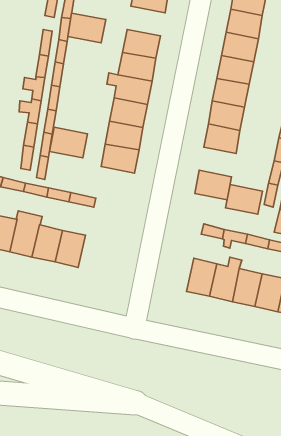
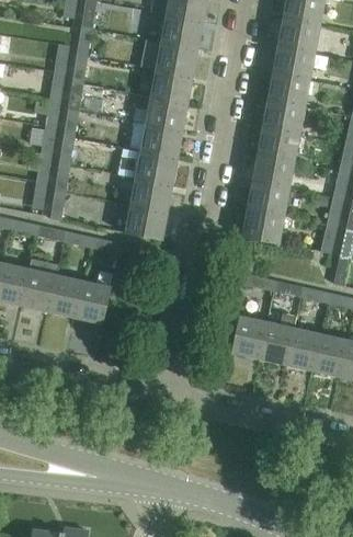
building: [68,13,106,43] -> [159,15,204,50]
building: [50,127,87,158] -> [123,205,168,241]
building: [225,185,262,214] -> [244,182,288,217]

